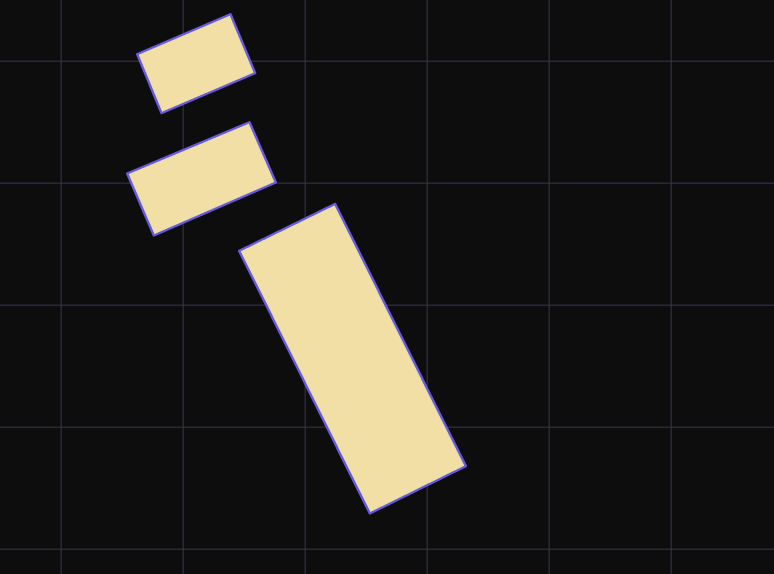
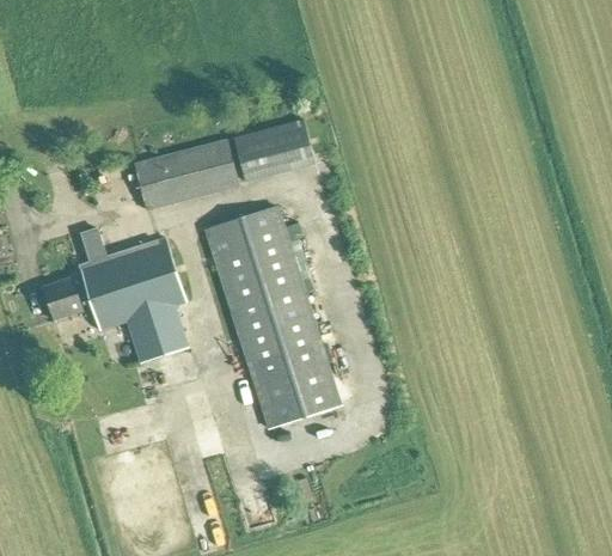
building: [137,14,255,113] -> [234,120,316,182]
building: none -> [43,232,186,361]

